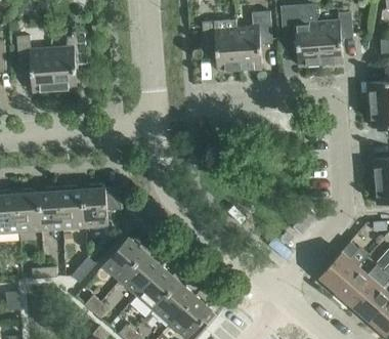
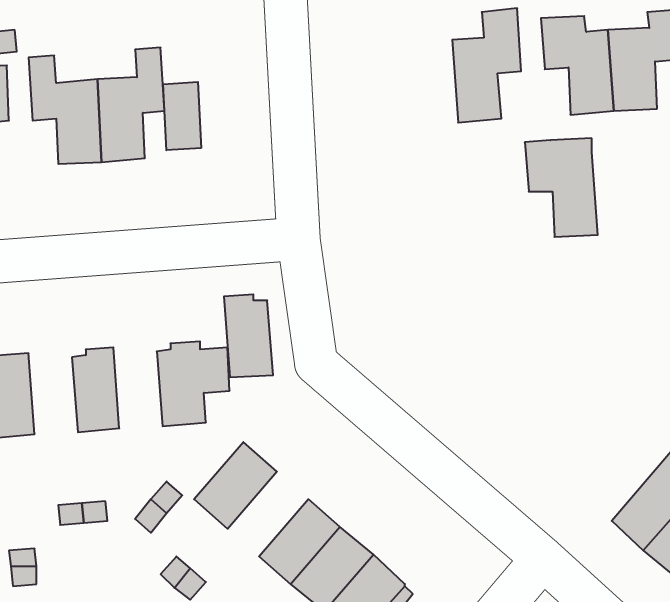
building: [202,20,240,72] -> [525,138,598,237]
building: none -> [163,82,201,150]
building: [60,186,86,229] -> [224,294,273,377]
building: [16,189,42,232] -> none
building: [120,252,162,296] -> none

